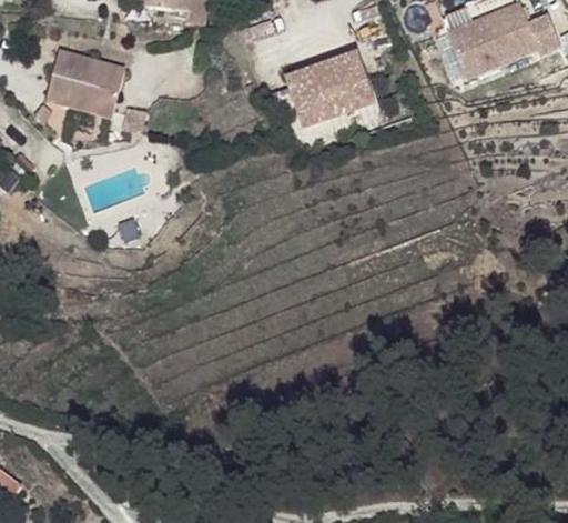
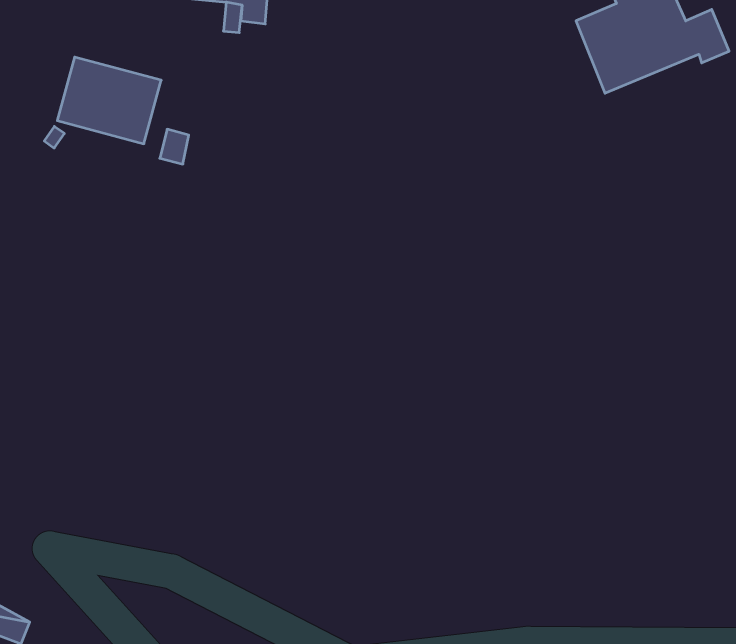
building: [280,50,372,129] -> none

